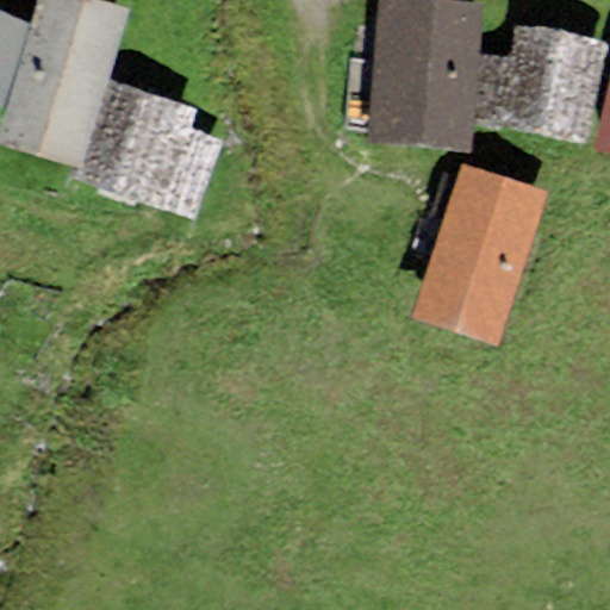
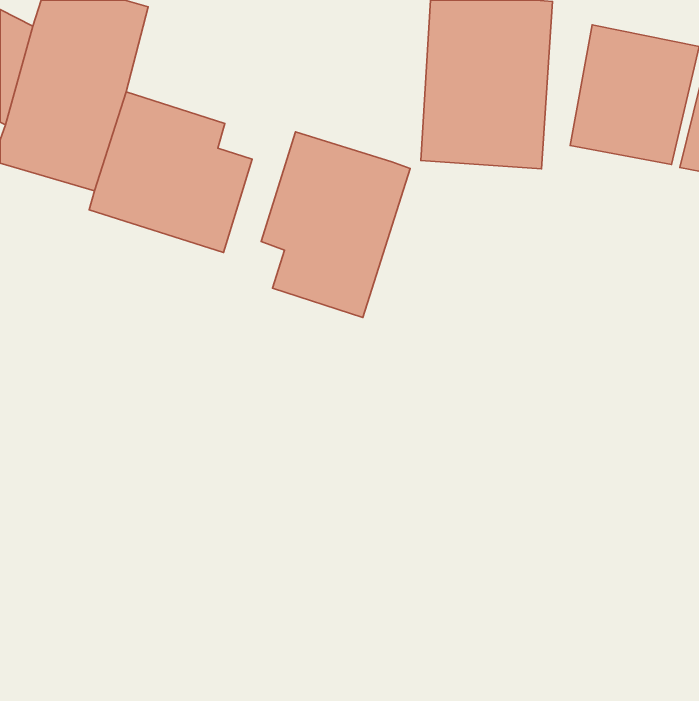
building: none -> [261,132,410,318]
building: [412,162,549,343] -> none

